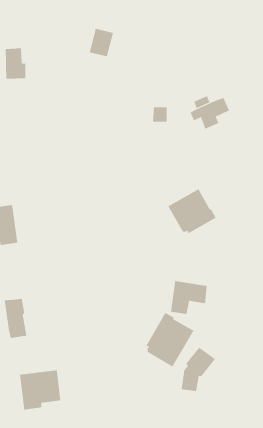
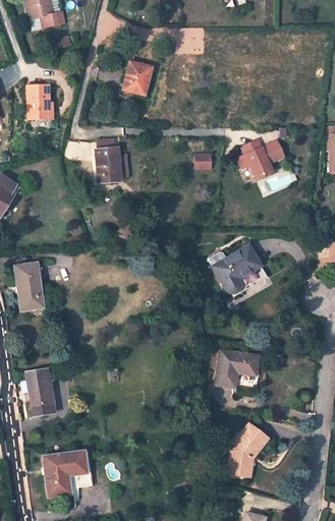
building: none -> [95,149,118,180]
building: [146,312,194,367] -> none

